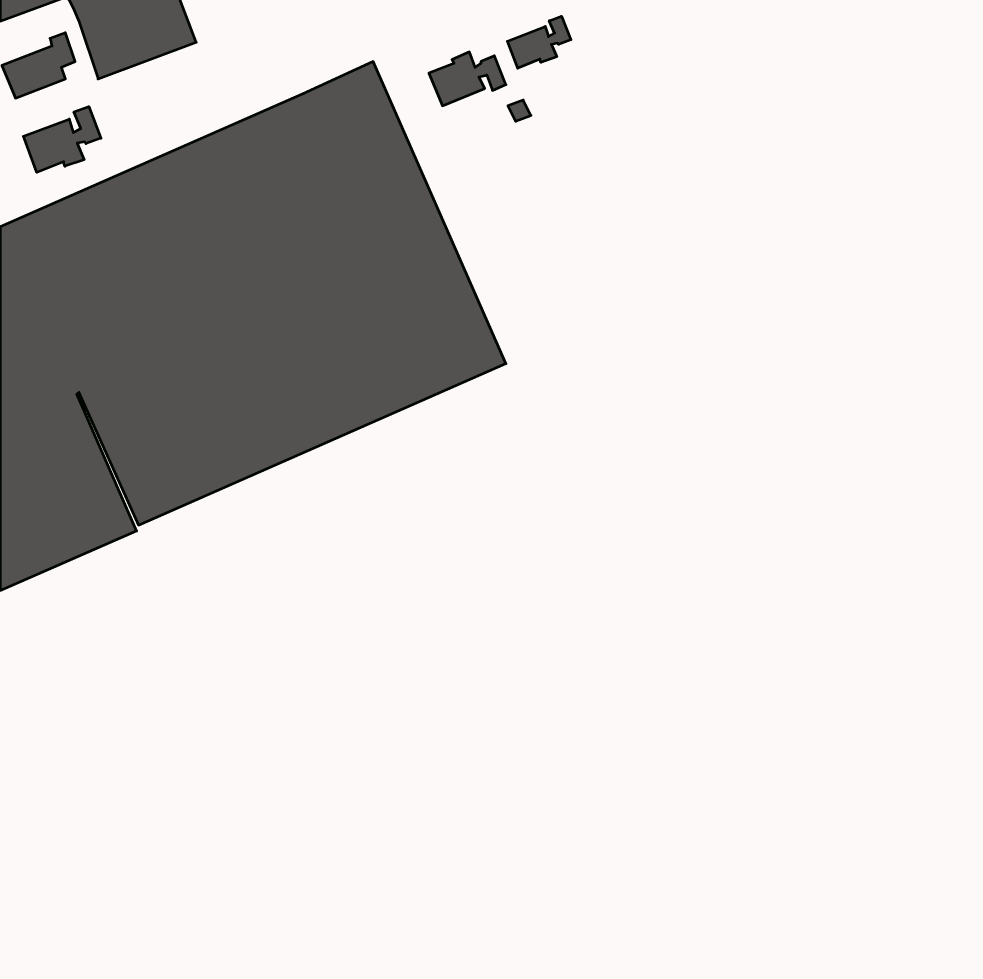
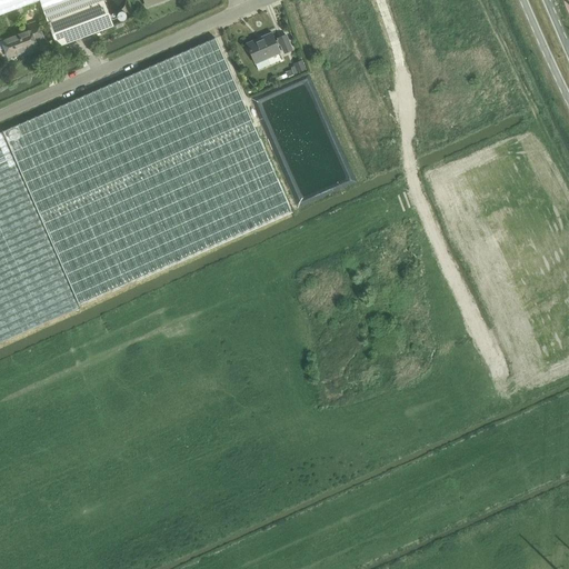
building: [507,16,571,68] -> none
building: [23,107,101,172] -> none

